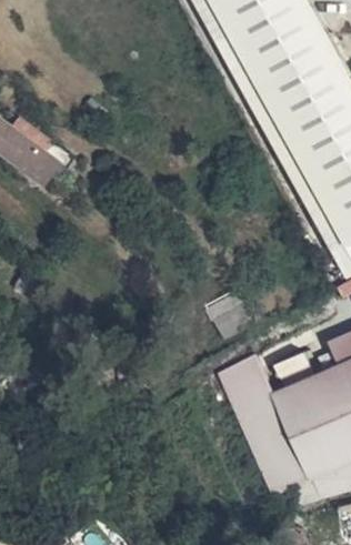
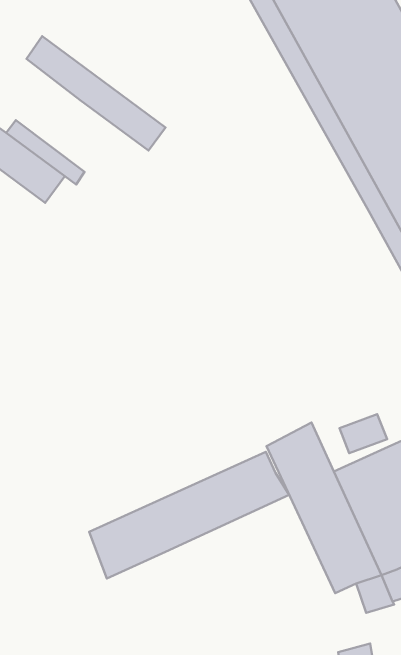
building: none -> [26,36,166,151]
building: none -> [89,452,289,579]

